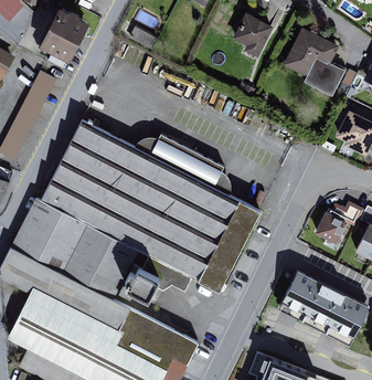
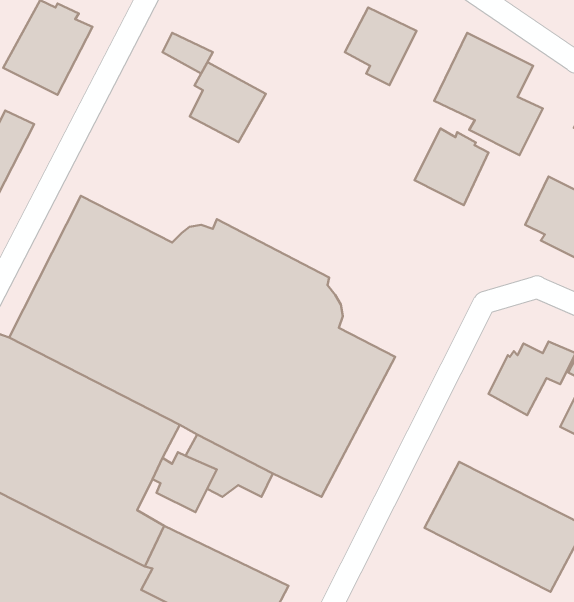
building: none -> [190,62,266,142]
building: none -> [415,129,488,205]

